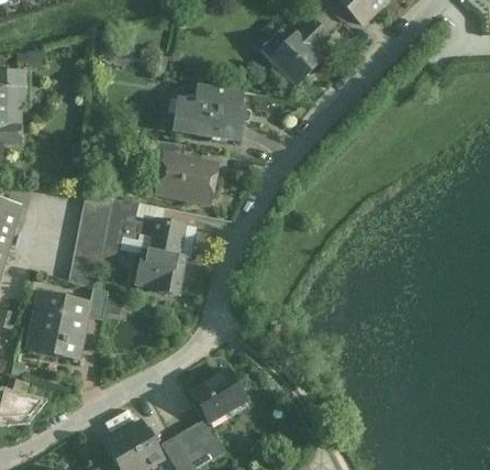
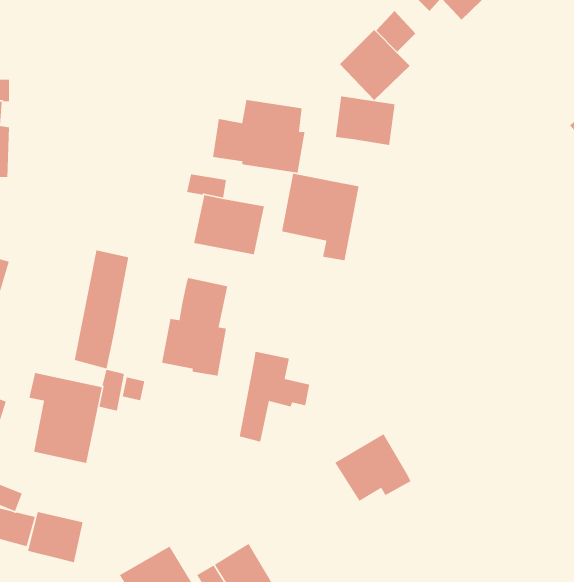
building: none -> [335,96,395,146]
building: none -> [281,173,360,261]
building: [100,195,154,264] -> [239,351,310,443]
building: [190,368,248,419] -> [334,433,412,502]
building: none -> [27,511,84,563]

